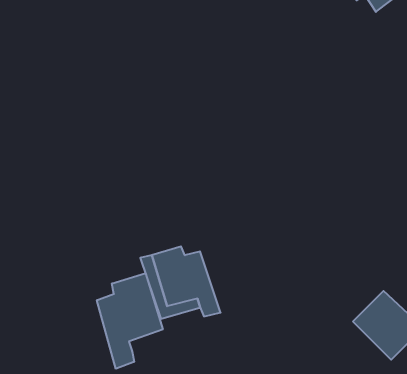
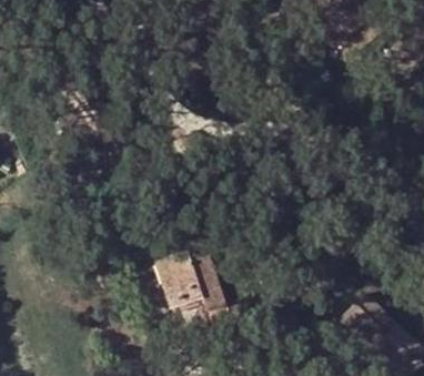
building: [97,273,163,369] -> none

